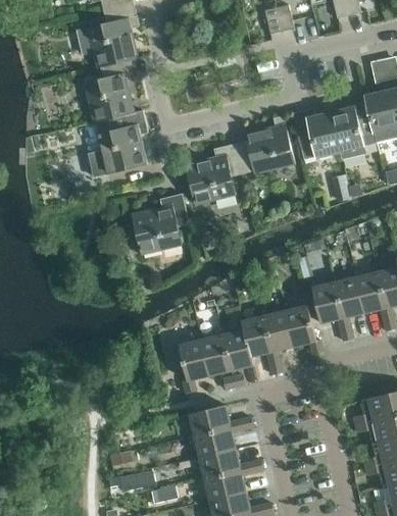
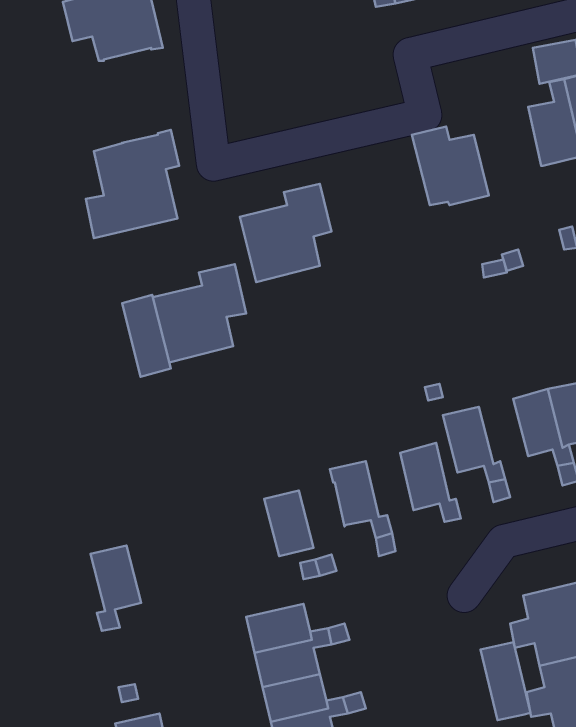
building: [85,59,136,123] -> none
building: [332,96,377,159] -> none
building: [236,115,295,174] -> none
building: none -> [122,295,171,377]
building: [335,277,365,318] -> none
building: [264,311,294,351] -> none
building: [222,329,254,370] -> none
building: [179,340,210,393] -> [90,546,141,631]
building: none -> [480,642,530,720]

